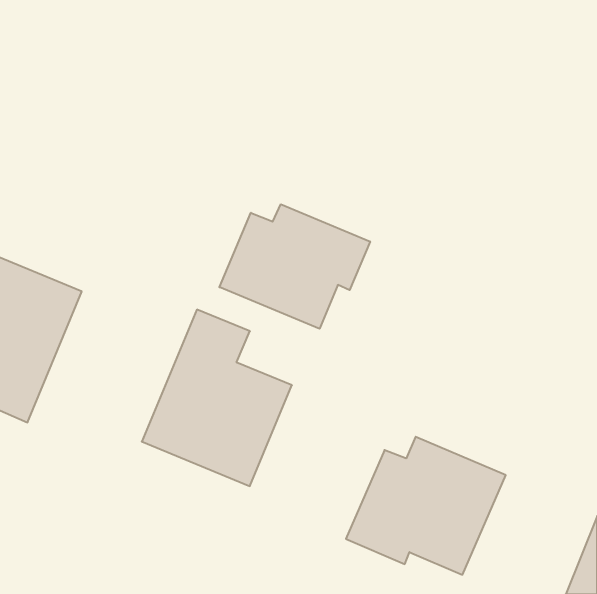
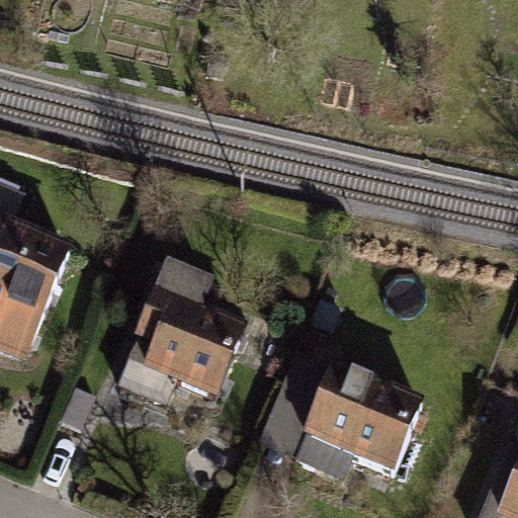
building: [219,204,370,329] -> none

